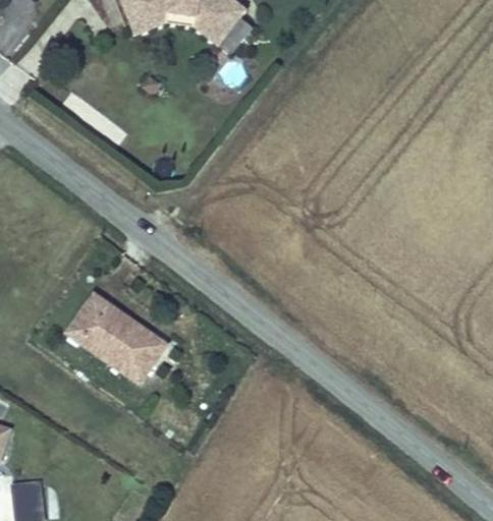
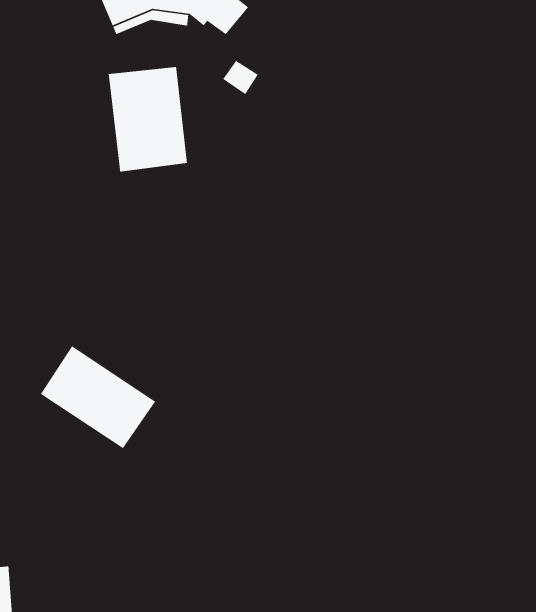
building: none -> [108,66,188,173]

